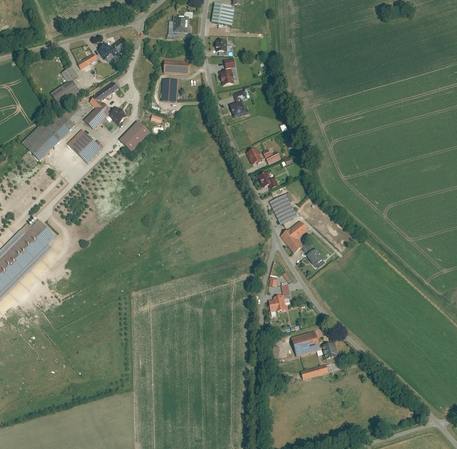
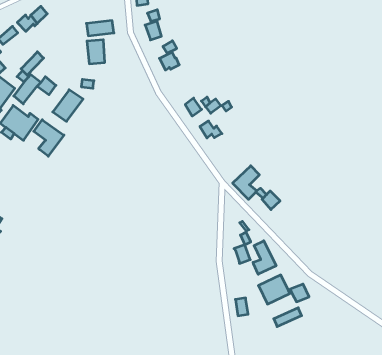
building: none -> [34,120,64,156]
building: [270,193,296,223] -> none
building: none -> [253,241,276,274]

